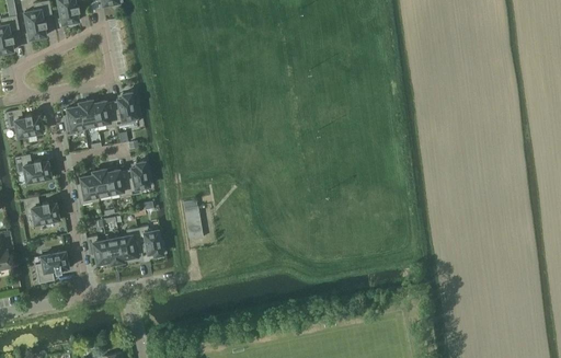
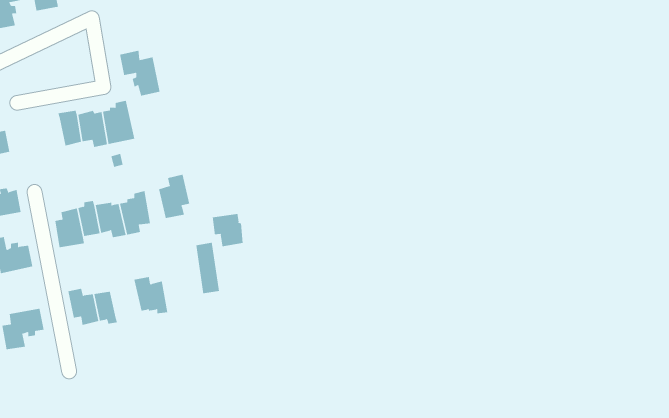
building: none -> [119,50,160,96]
building: [62,105,84,136] -> none
building: none -> [159,174,190,219]
building: none -> [212,213,243,247]
building: [119,229,142,258] -> none

